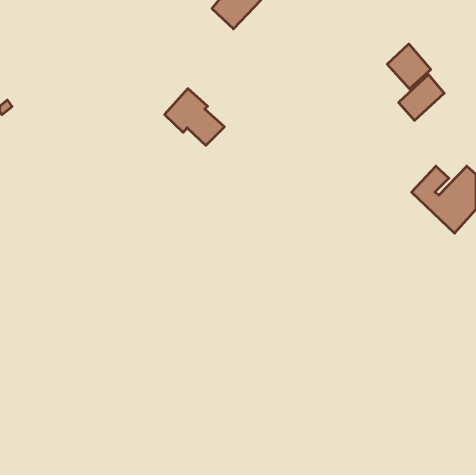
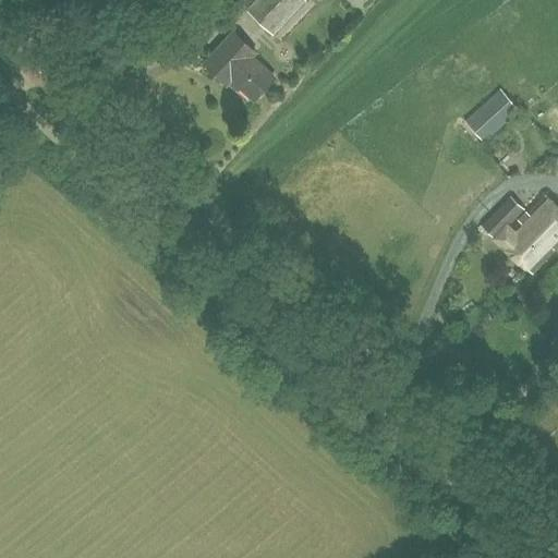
building: [387,44,431,89] -> none
building: [165,89,224,145] -> [205,32,275,98]

